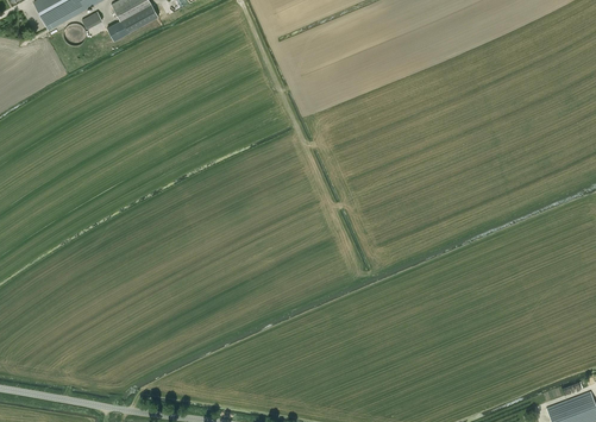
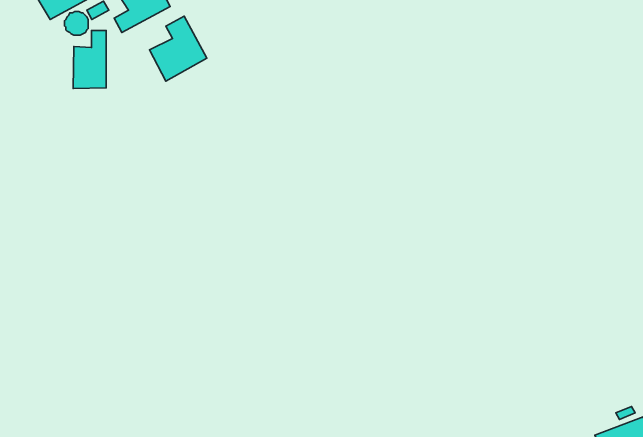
building: none -> [150,16,207,81]
building: none -> [73,31,106,88]

